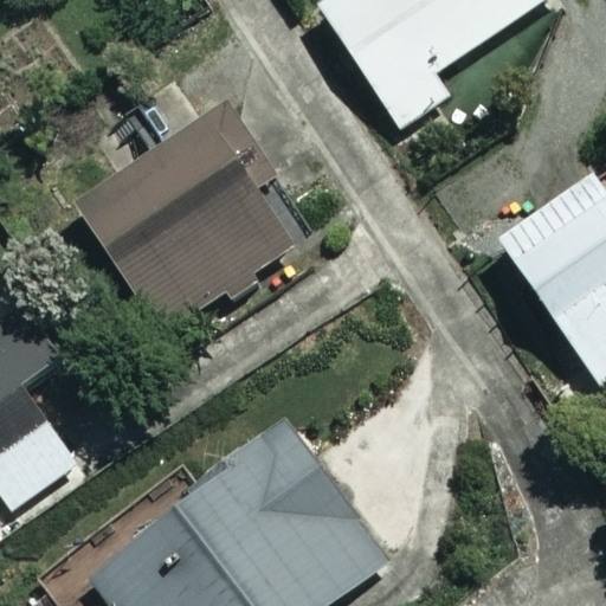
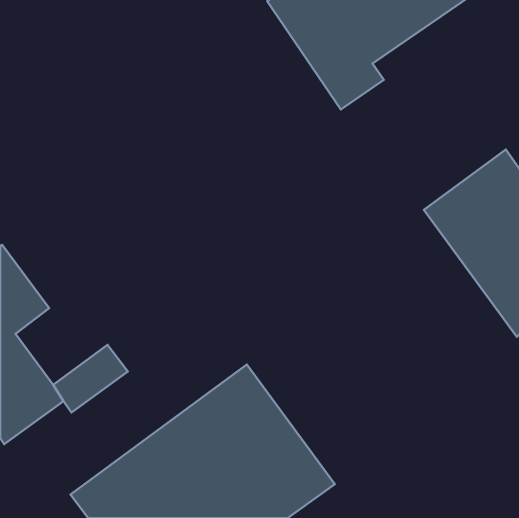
building: [72,80,292,336] -> none

